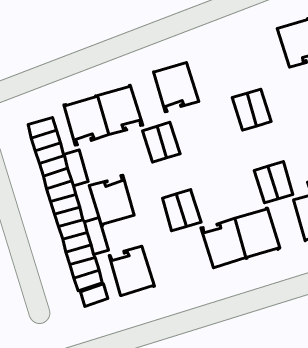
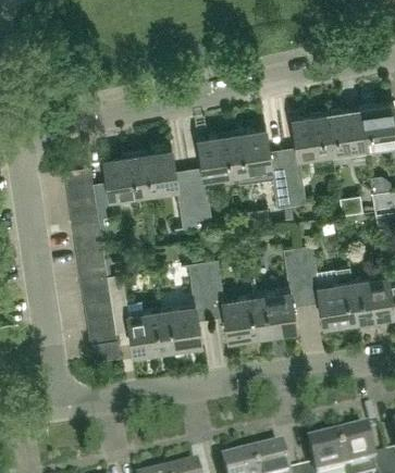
building: none -> [293,114,333,160]
building: none -> [232,129,272,175]
building: [89,175,134,226] -> [161,304,201,351]

